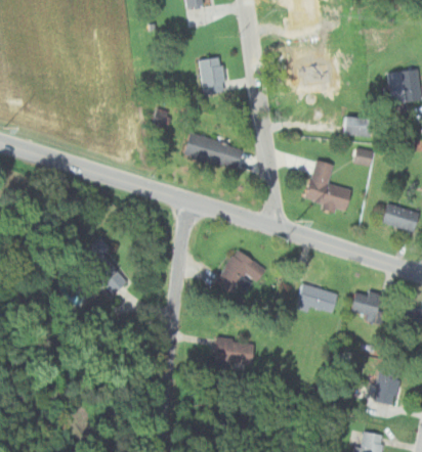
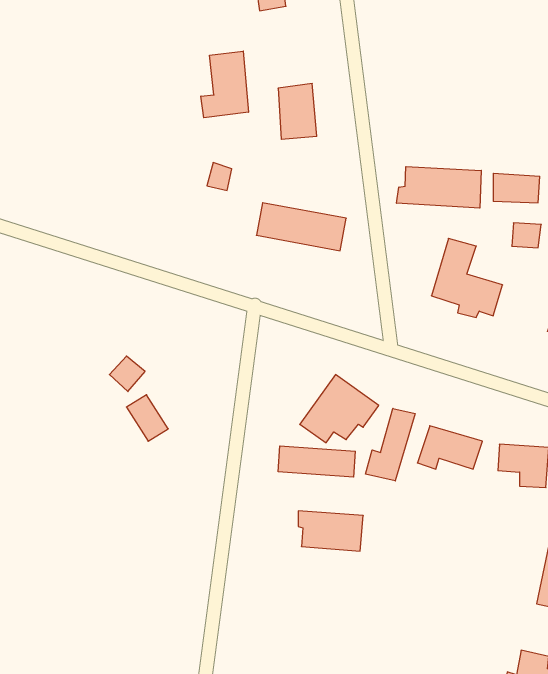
building: none -> [201,51,248,118]
building: none -> [397,167,481,208]
building: none -> [366,408,415,481]
building: none -> [278,446,355,477]

